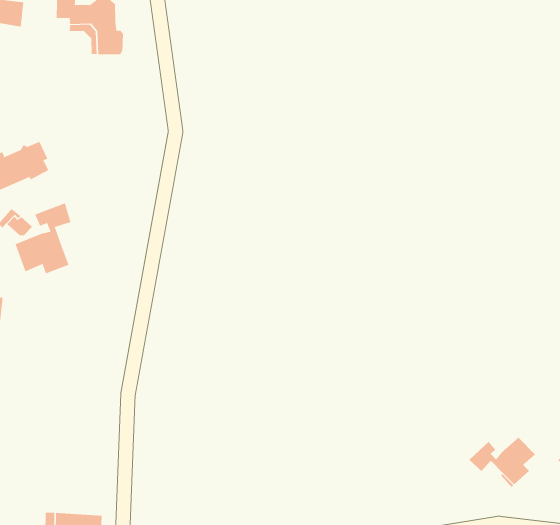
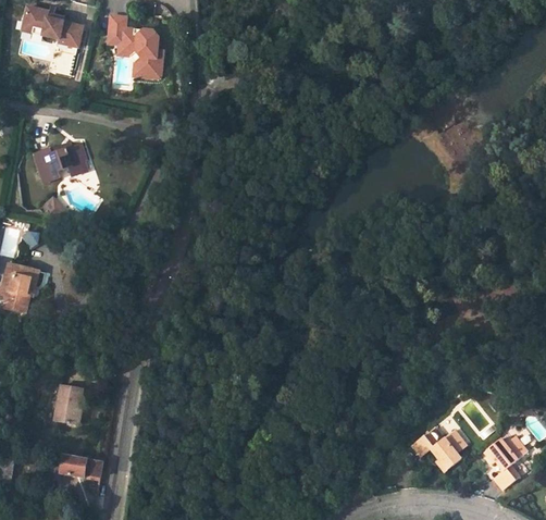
building: [15,202,71,274] -> none
building: none -> [52,384,82,423]

